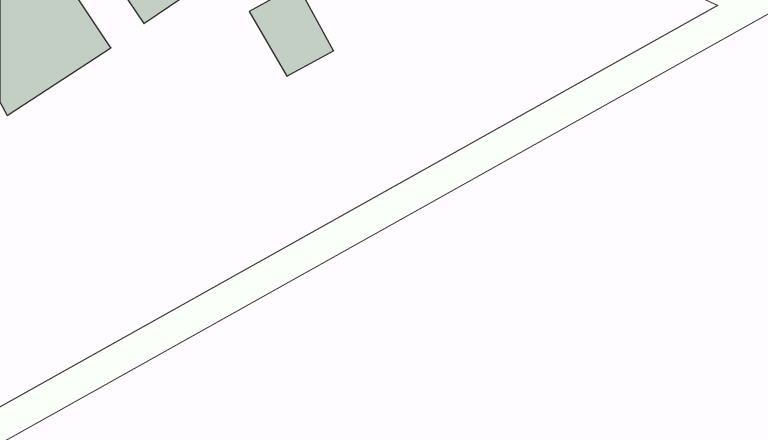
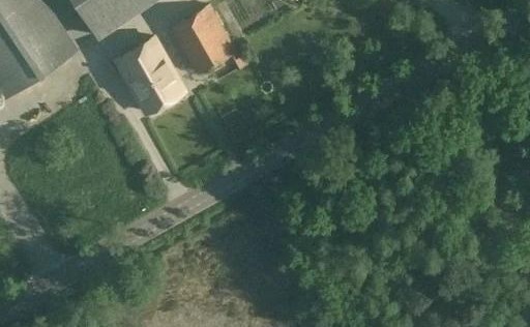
building: none -> [115,39,184,114]

